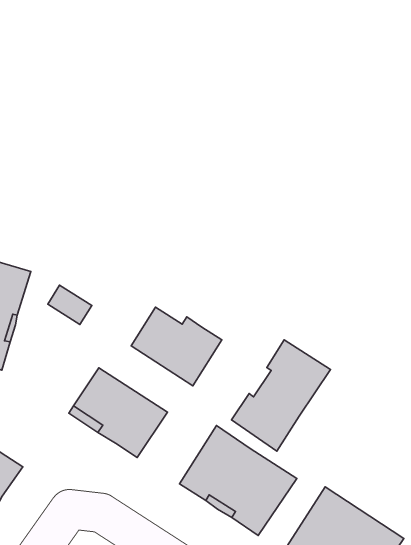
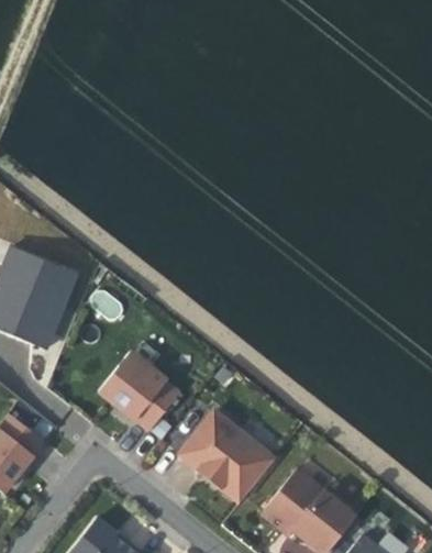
building: [131,307,222,386] -> none
building: [231,340,331,451] -> none

